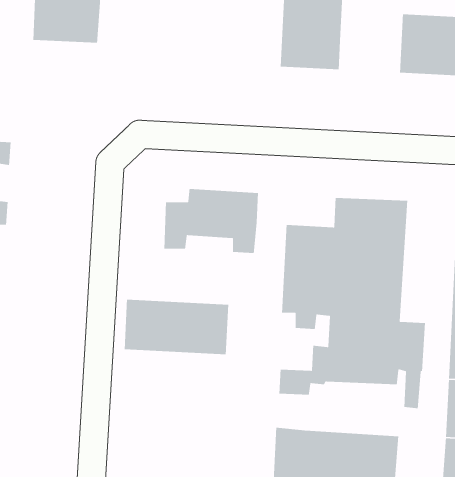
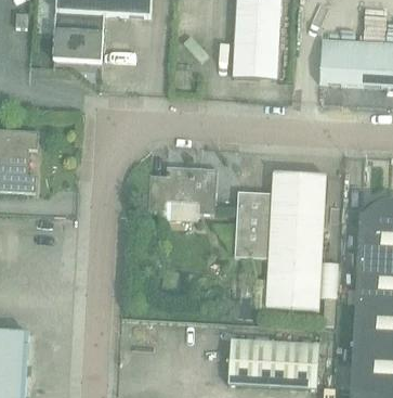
building: [124,299,229,355] -> none

